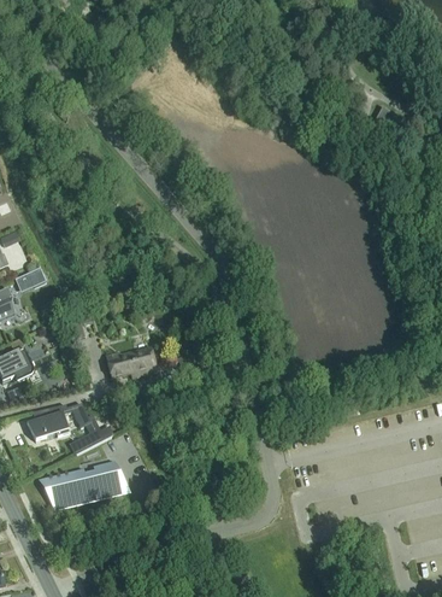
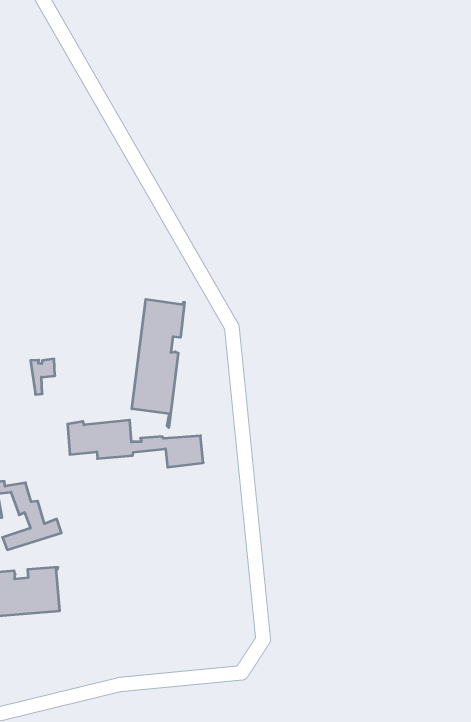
building: none -> [132,299,185,428]

